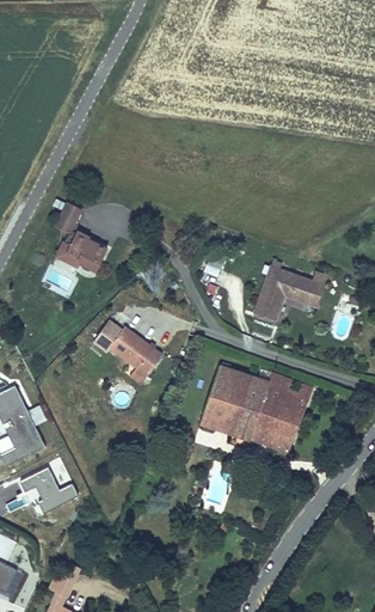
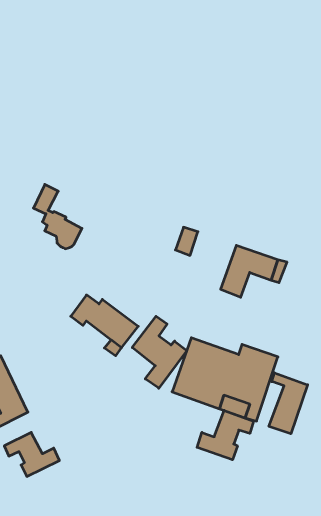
building: none -> [132,316,187,388]
building: none -> [269,373,308,434]
building: none -> [197,410,254,460]

